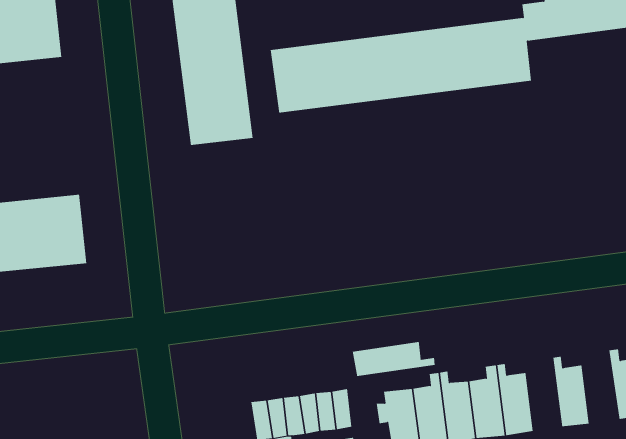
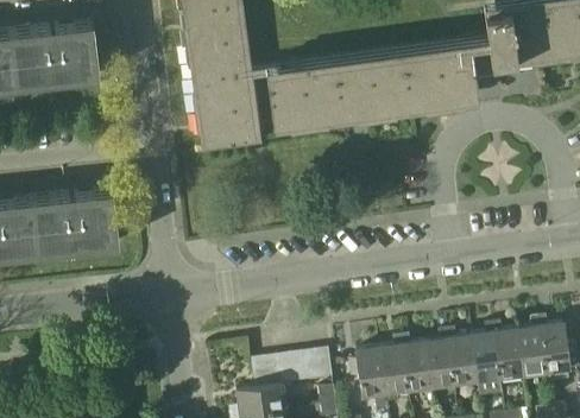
building: [352,341,435,377] -> none
building: none -> [517,316,547,375]
building: none -> [472,322,500,381]

